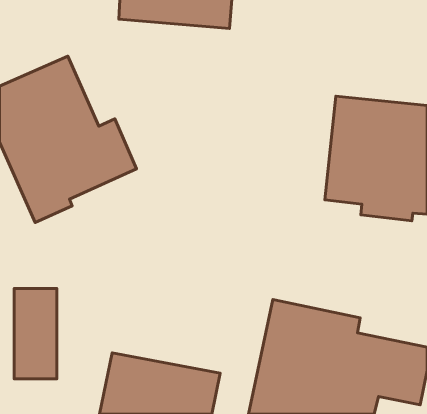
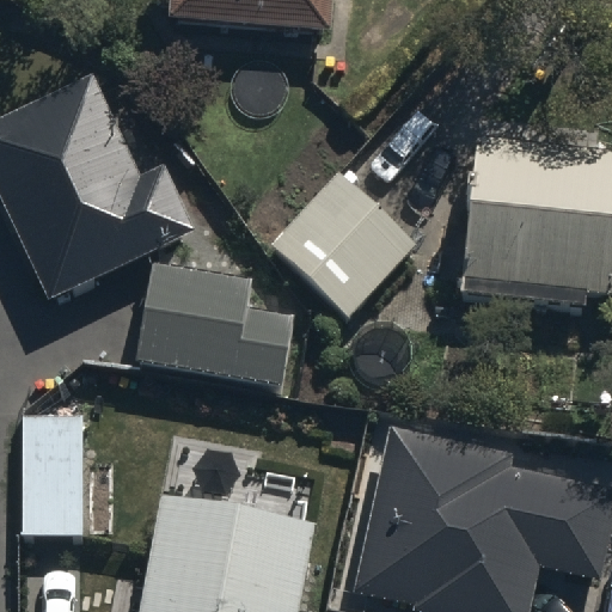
building: none -> [283,172,417,306]
building: none -> [134,268,299,392]

